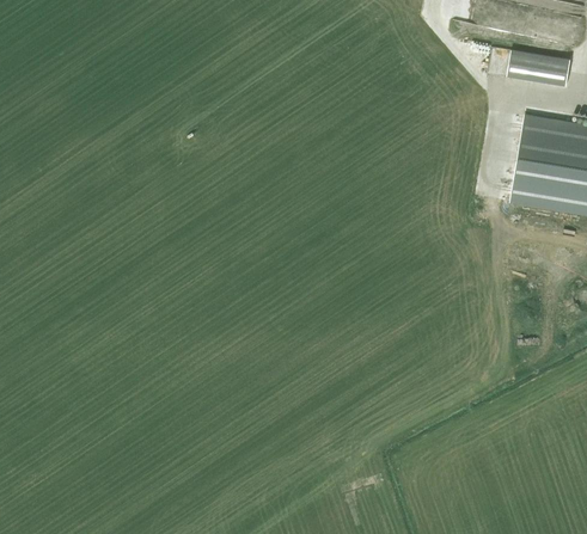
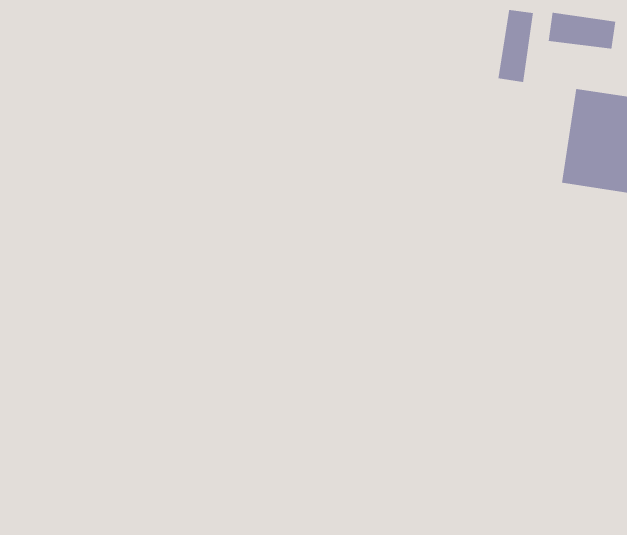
building: none -> [498,9,533,83]

